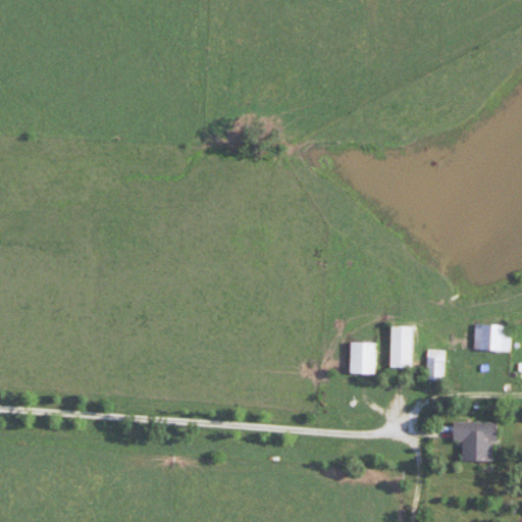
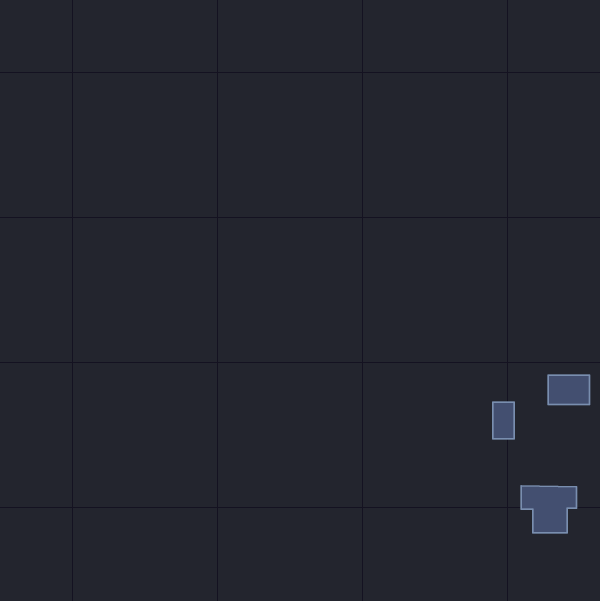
building: [390,326,412,368] -> none
building: [349,343,375,374] -> none

